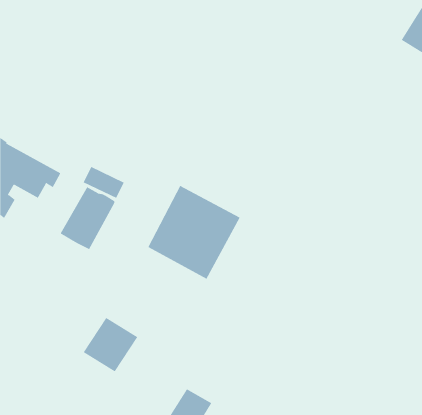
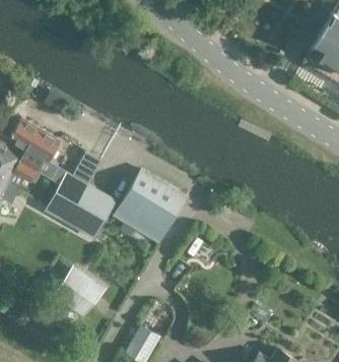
building: none -> [8,116,62,162]
building: none -> [70,183,115,234]

